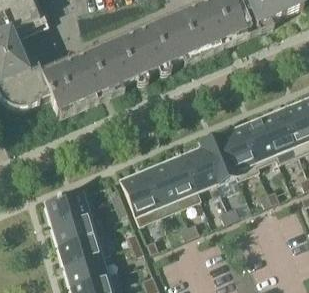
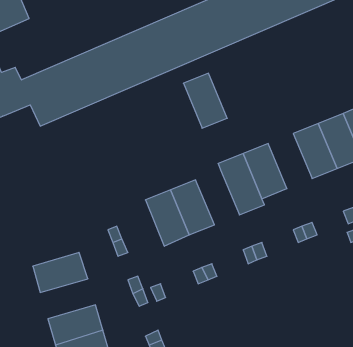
building: [241,117,276,161] -> none
building: [183,146,218,190] -> [183,73,227,128]
building: [122,170,158,215] -> none
building: [46,190,90,223] -> none
building: [59,233,103,265] -> none

